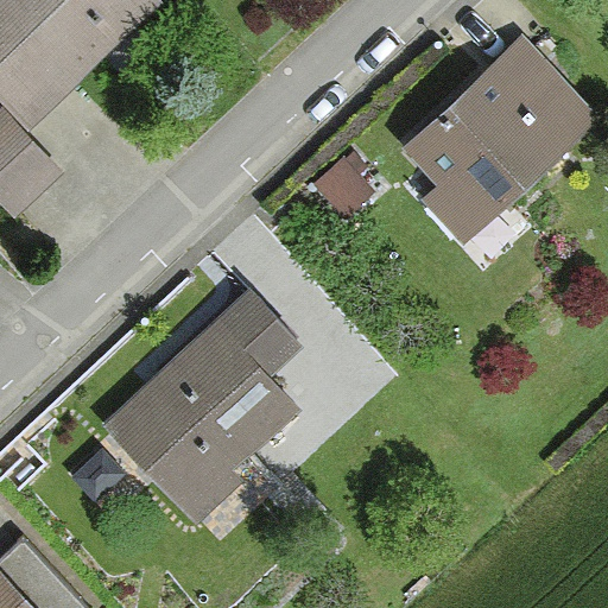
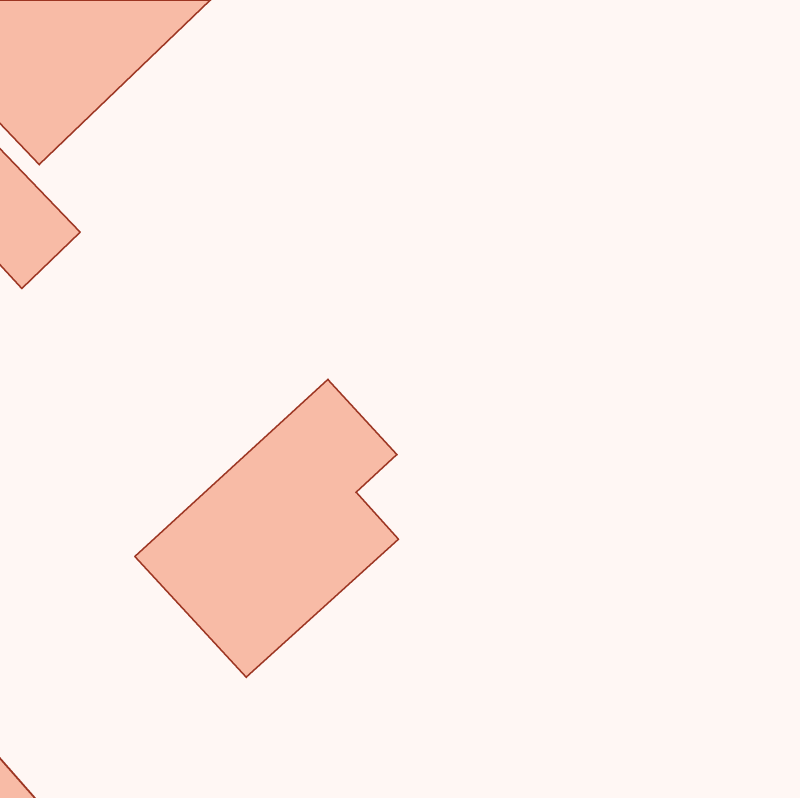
building: [407,42,595,226] -> none

